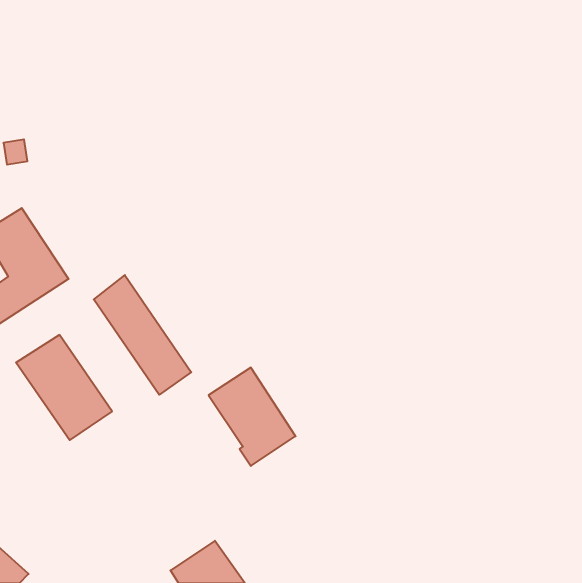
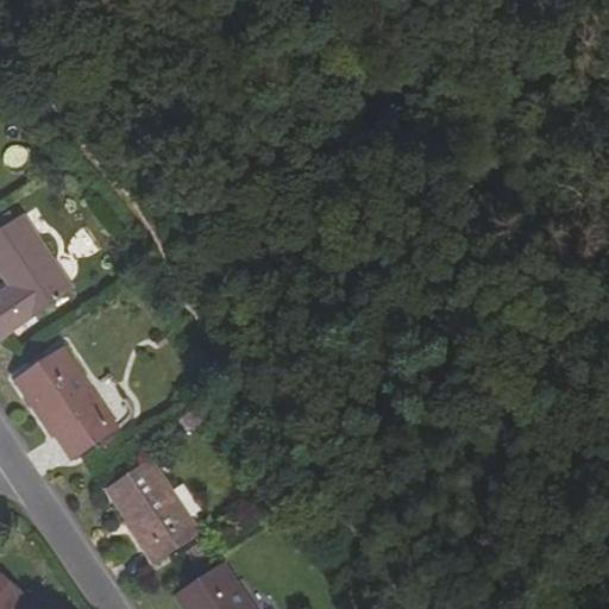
building: [94,275,191,395] -> none
building: [209,368,296,466] -> [107,460,197,563]

